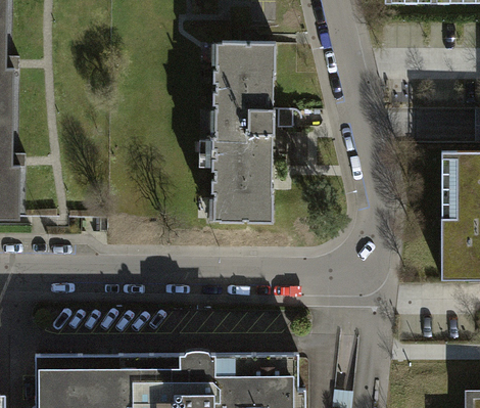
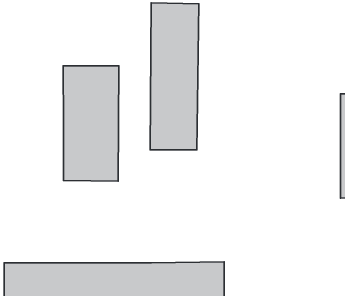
building: none -> [63,66,119,181]

